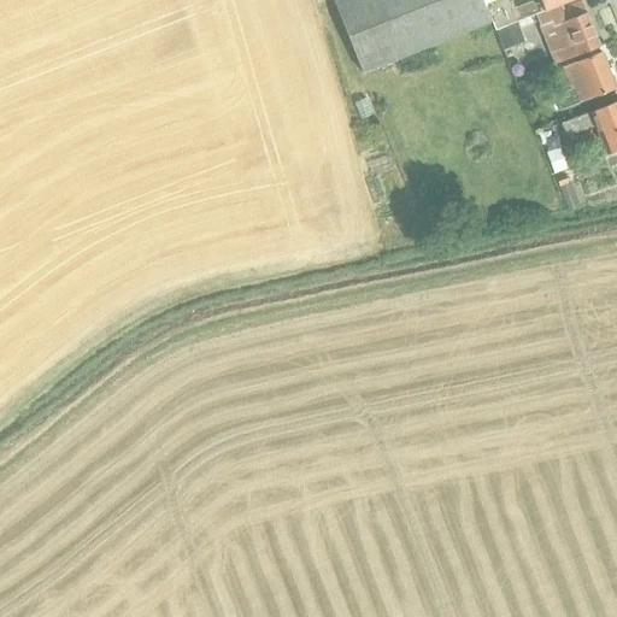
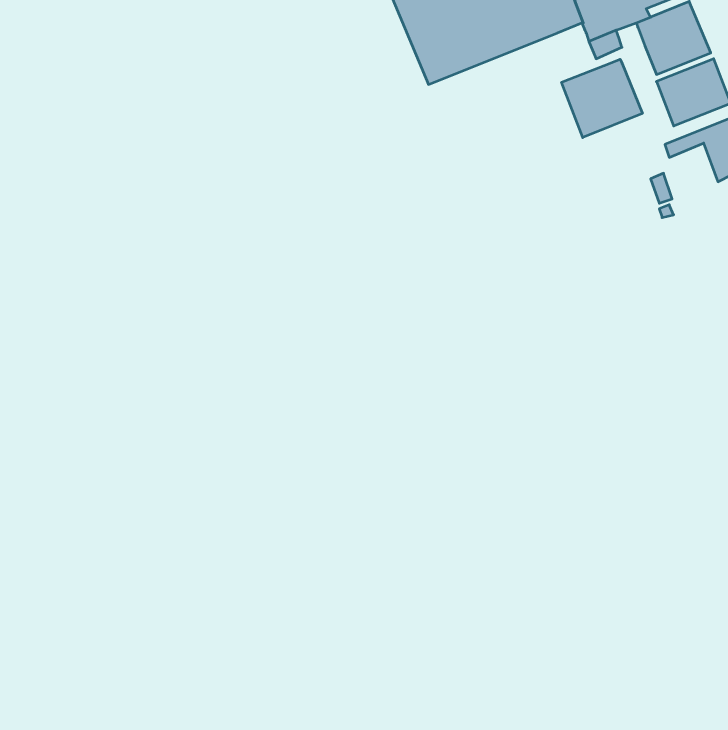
building: none -> [562,59,642,138]

